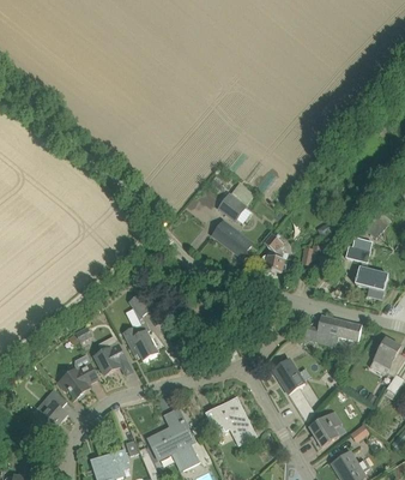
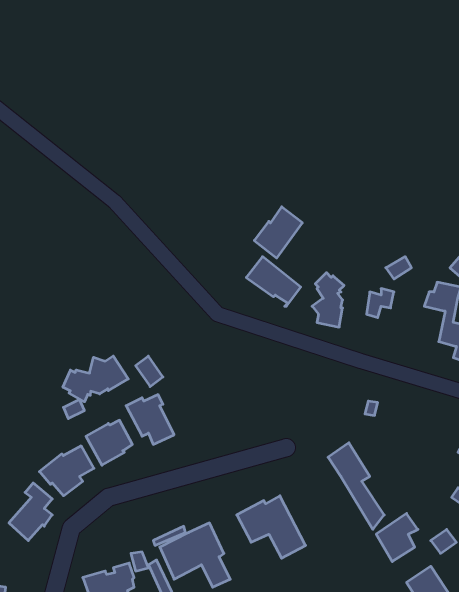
building: none -> [63,356,128,402]
building: [315,314,362,346] -> none

